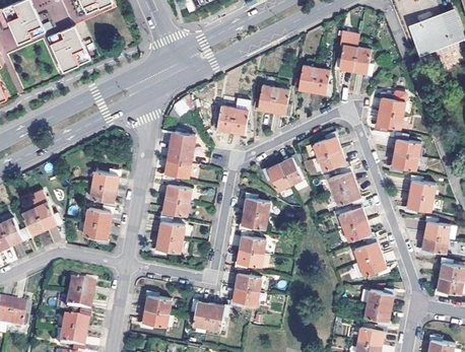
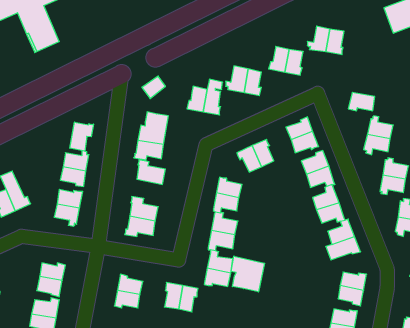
building: [380,92,406,116] -> none
building: none -> [70,122,93,151]
building: [160,198,191,217] -> none
building: none -> [231,256,265,292]

